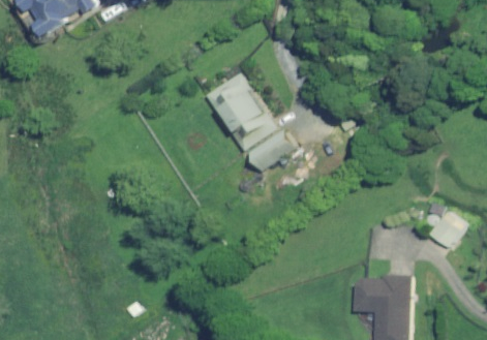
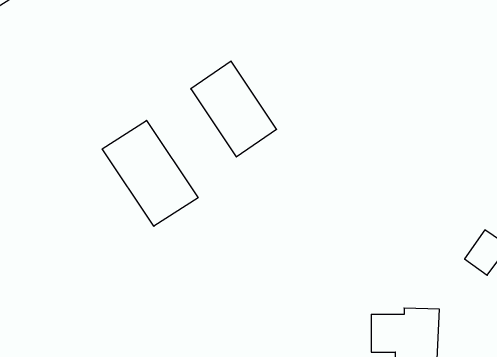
building: none -> [102,120,198,226]
building: [248,131,294,171] -> none

